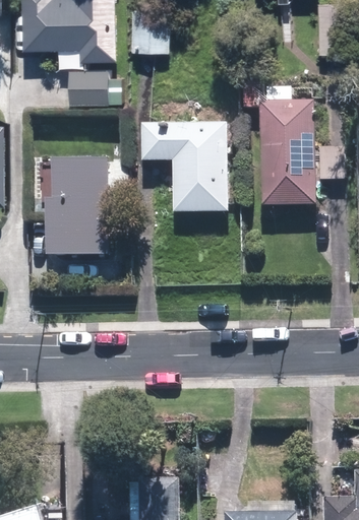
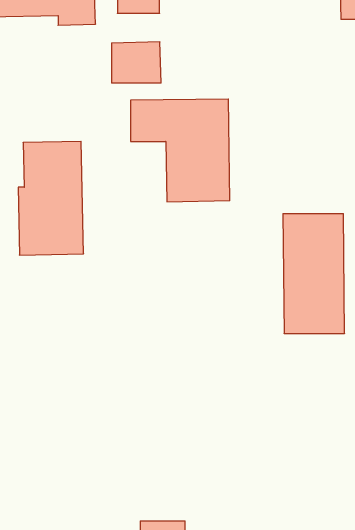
building: [66,71,108,106] -> [112,42,161,83]
building: [262,102,314,202] -> [283,214,345,333]

